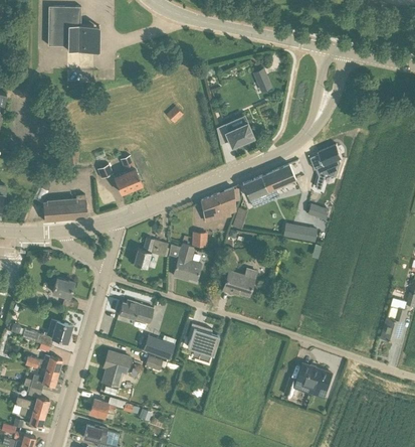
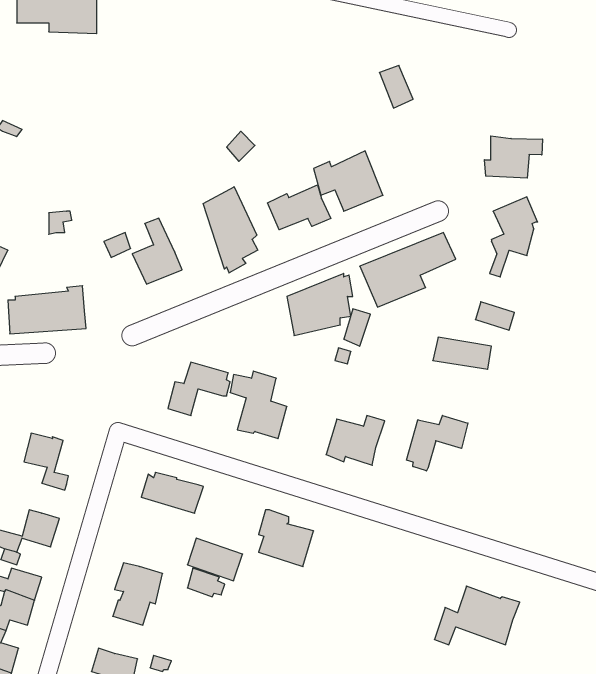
building: none -> [484,136,542,178]
building: none -> [268,185,331,230]
building: none -> [203,187,258,273]
building: none -> [407,415,468,471]

